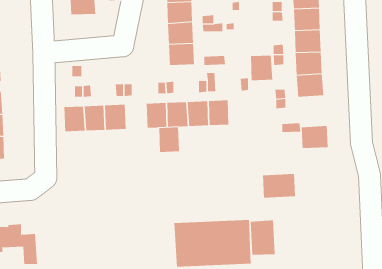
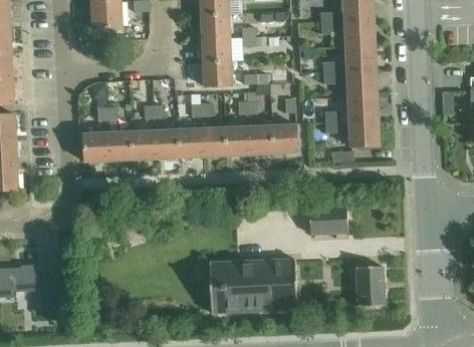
building: [250,55,273,81] -> [270,123,296,152]
building: [301,125,328,148] -> [348,119,380,145]
building: [158,127,180,153] -> [154,128,178,157]
building: [250,220,276,255] -> [354,267,384,307]

